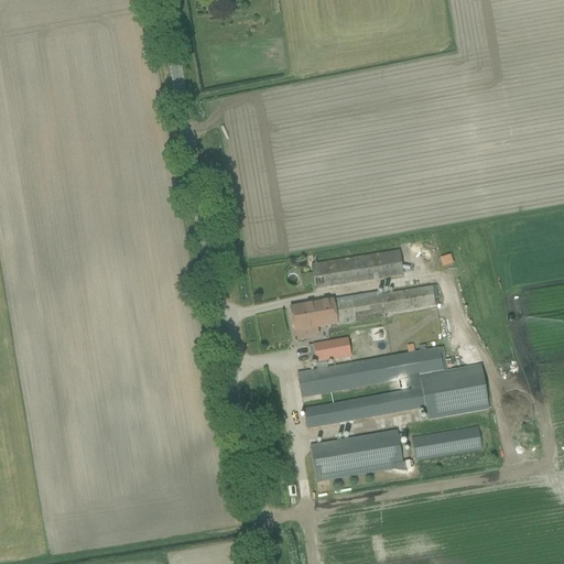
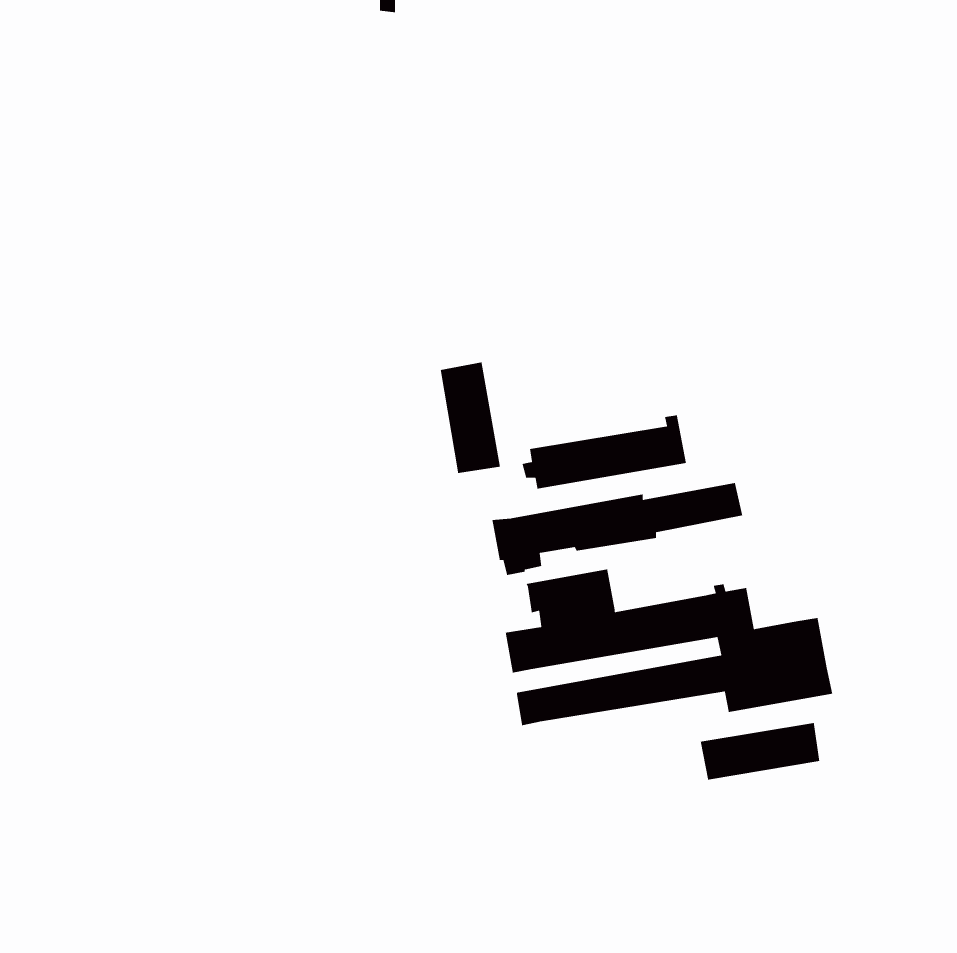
building: none -> [440,361,501,474]
building: [311,430,408,480] -> none

